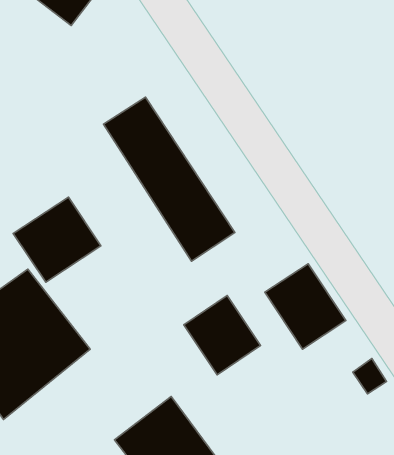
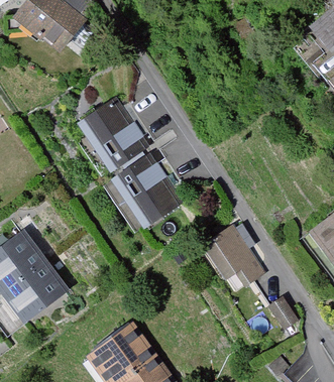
building: [13,197,101,282] -> none
building: [184,295,261,375] -> none

